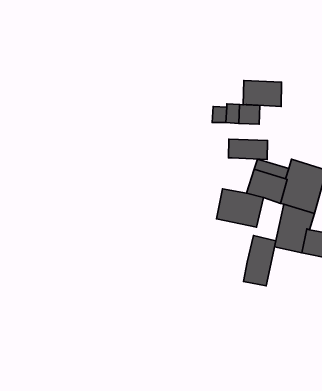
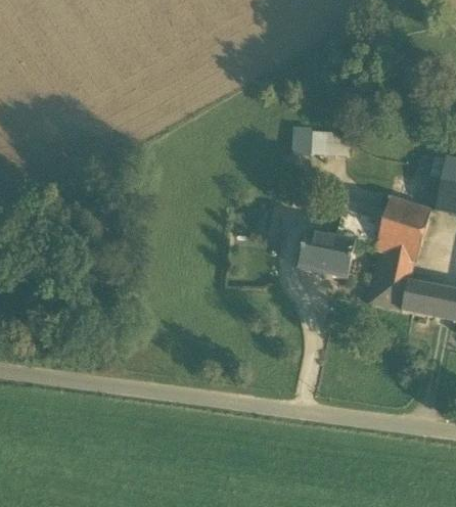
building: [243,81,282,106] -> none
building: [228,139,268,160] -> none
building: [244,236,276,286] -> none

